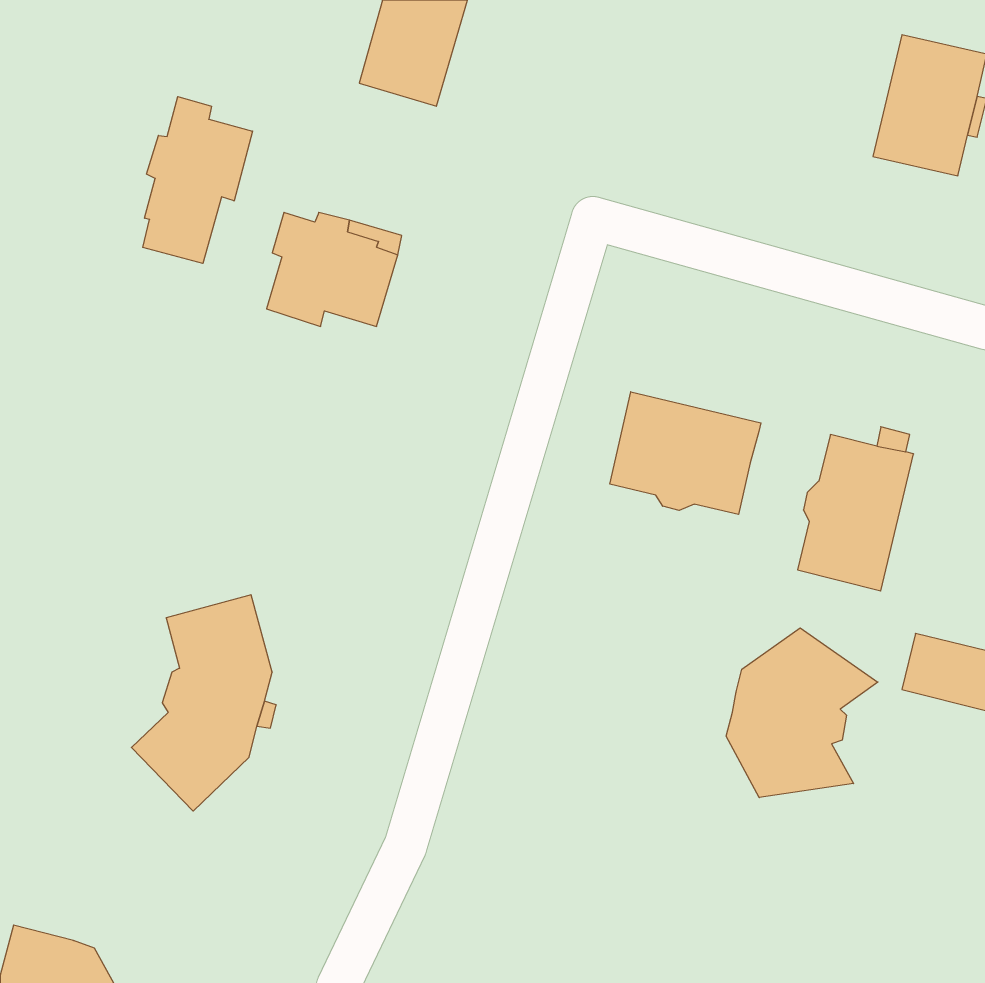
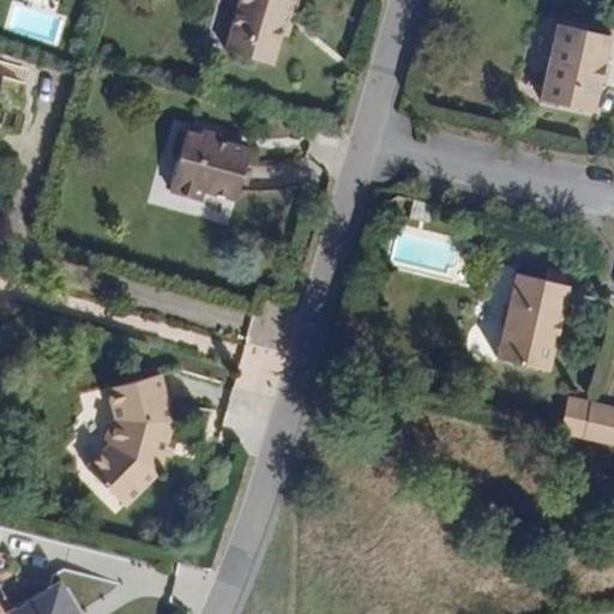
building: [143,97,253,263] -> none
building: [610,392,761,514] -> none
building: [726,628,878,798] -> none

